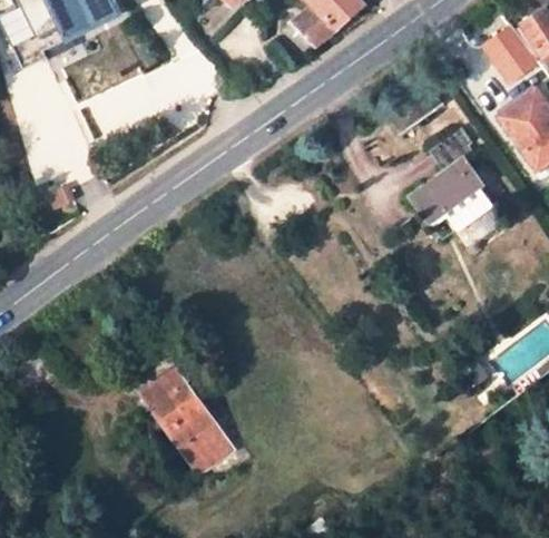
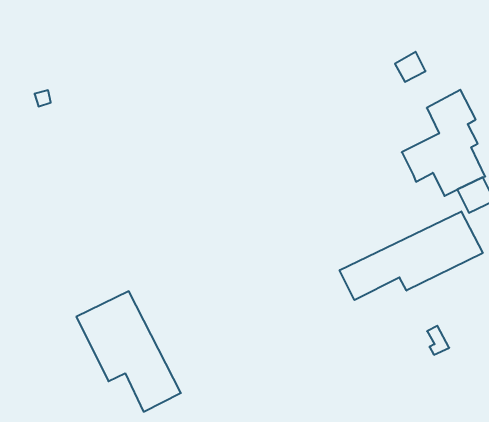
building: none -> [340,211,483,300]

